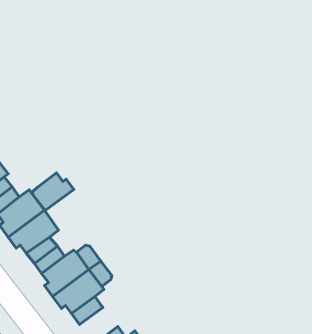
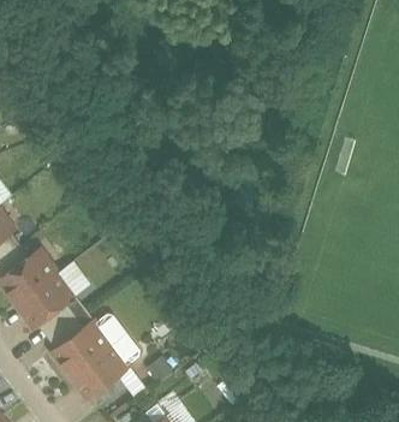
building: [32,173,74,211] -> none

